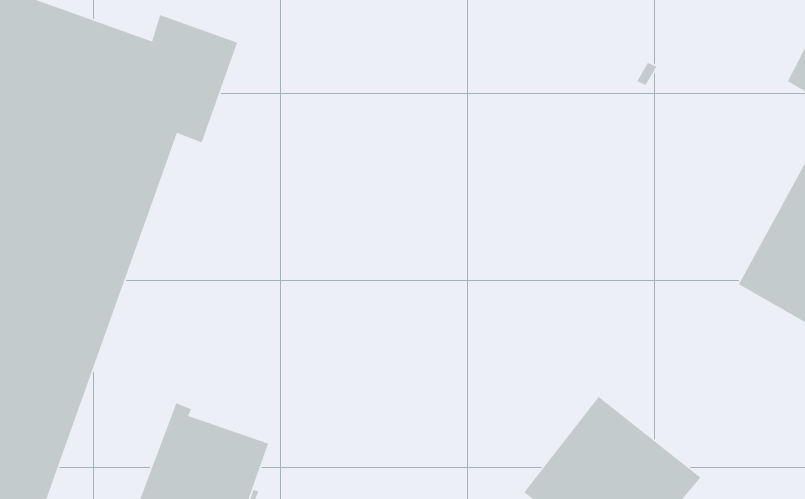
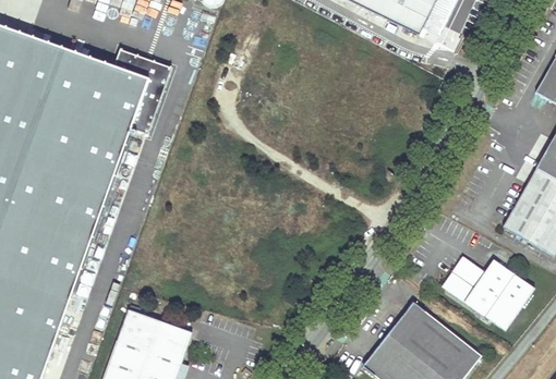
building: none -> [443,259,535,330]

